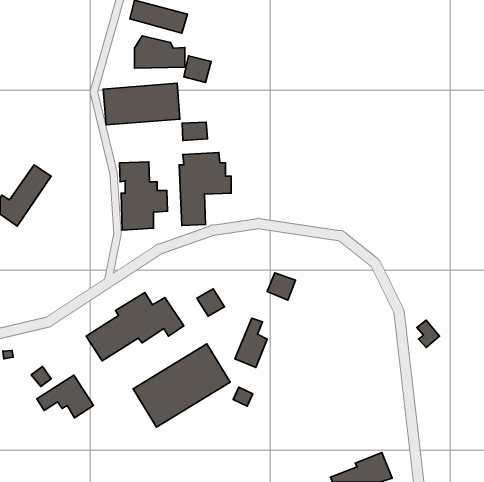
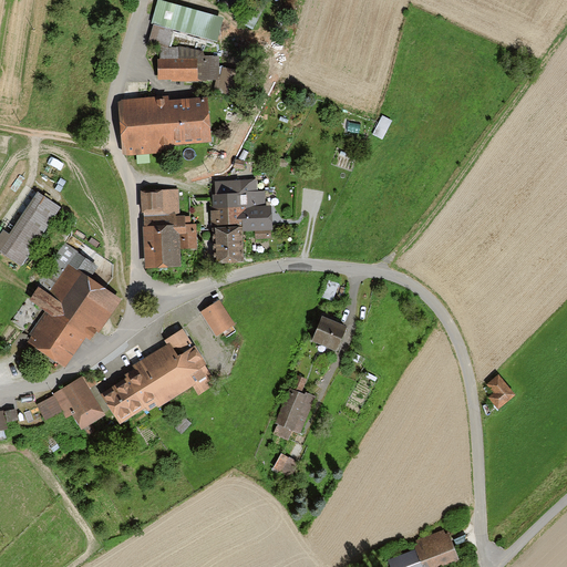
building: [182,122,207,140] -> none
building: none -> [29,252,118,364]
building: [197,289,224,316] -> [202,301,234,333]
building: [133,344,230,427] -> none
building: [37,375,94,418] -> [37,377,103,426]

